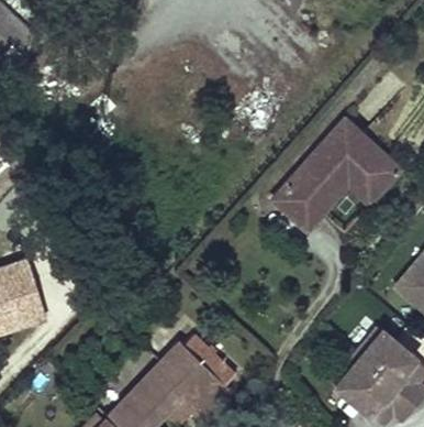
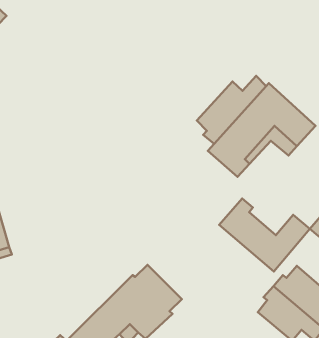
building: none -> [197,76,266,144]
building: none -> [219,199,310,272]

